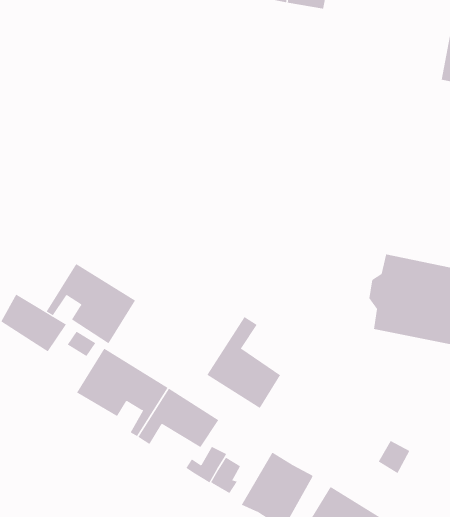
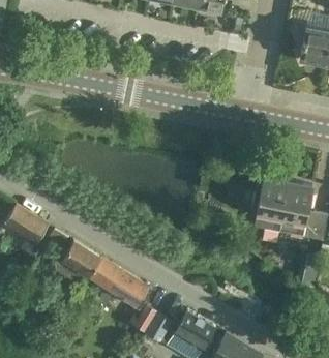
building: [46,263,136,344] -> none
building: [207,316,281,409] -> none

